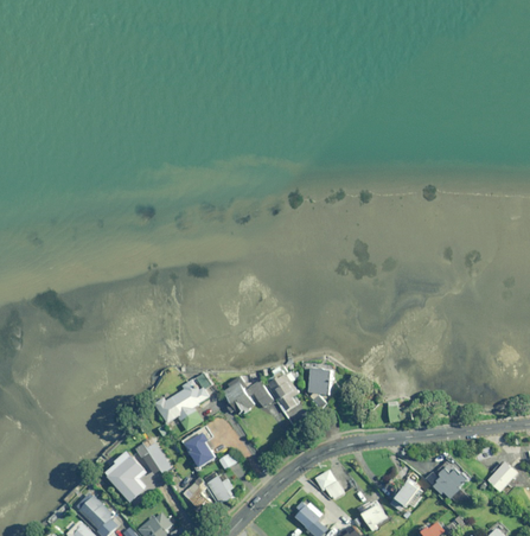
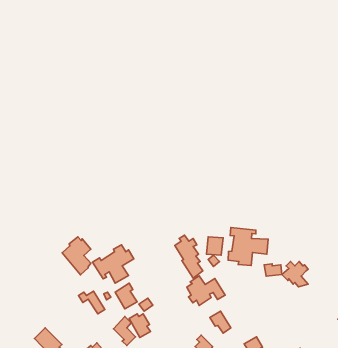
building: none -> [228,227,268,266]
building: [222,376,274,416] -> [187,276,225,306]
building: [106,452,145,503] -> [62,237,91,275]
building: [432,467,467,502] -> [282,261,308,287]
building: [388,479,423,510] -> none

